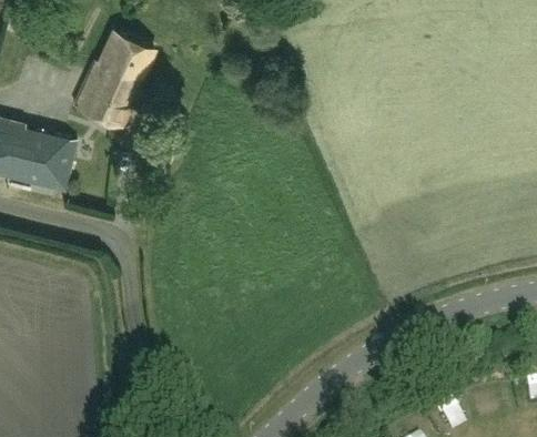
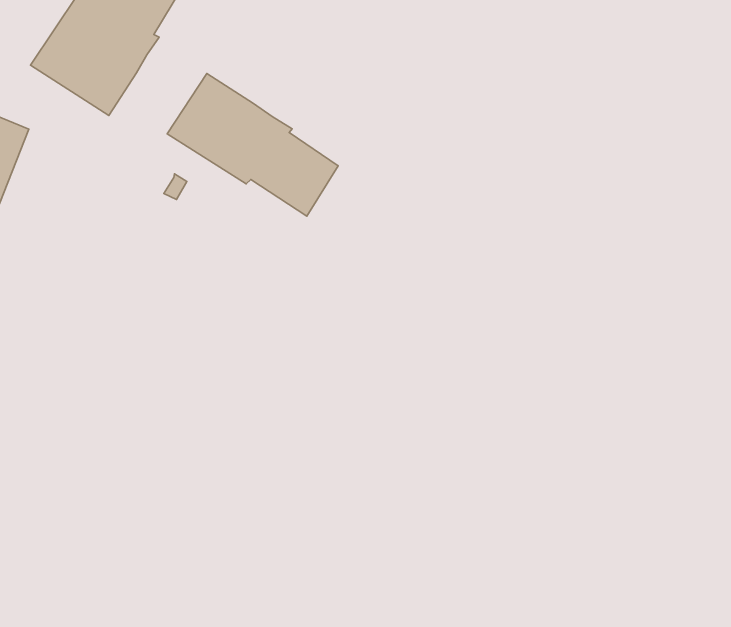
building: none -> [167,73,338,216]

